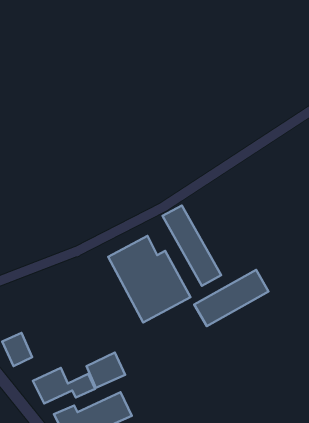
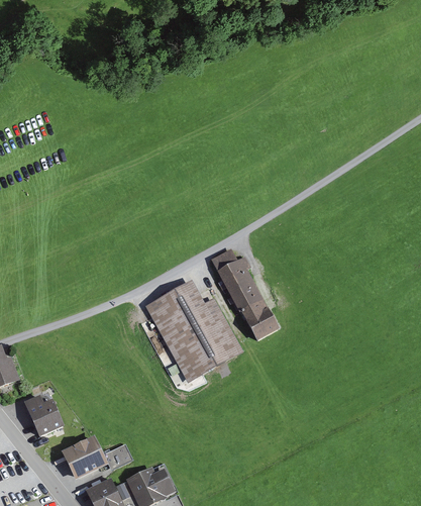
building: [194,270,269,326] -> none
building: [87,352,125,388] -> none

